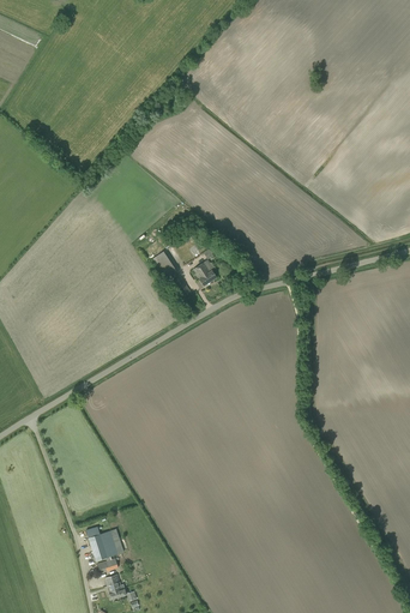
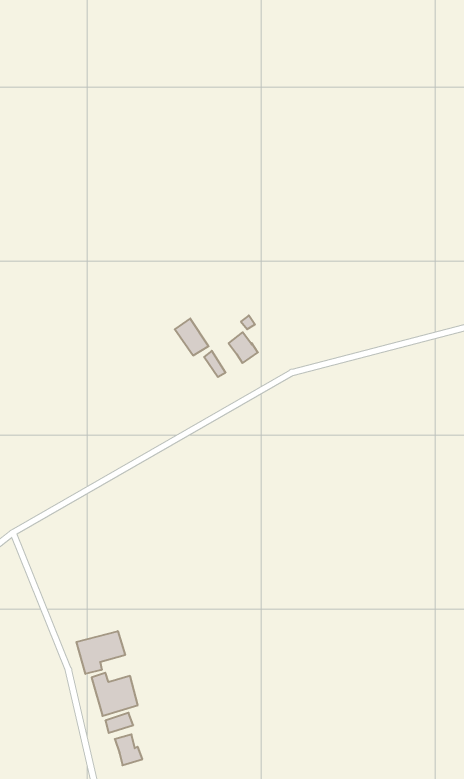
building: none -> [76,631,125,674]

